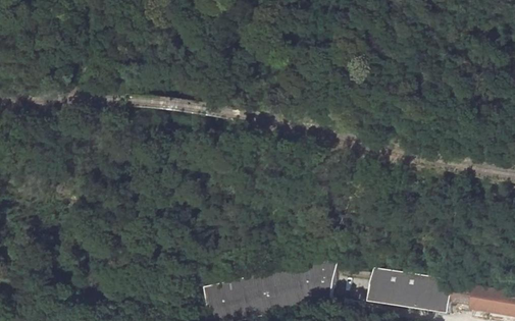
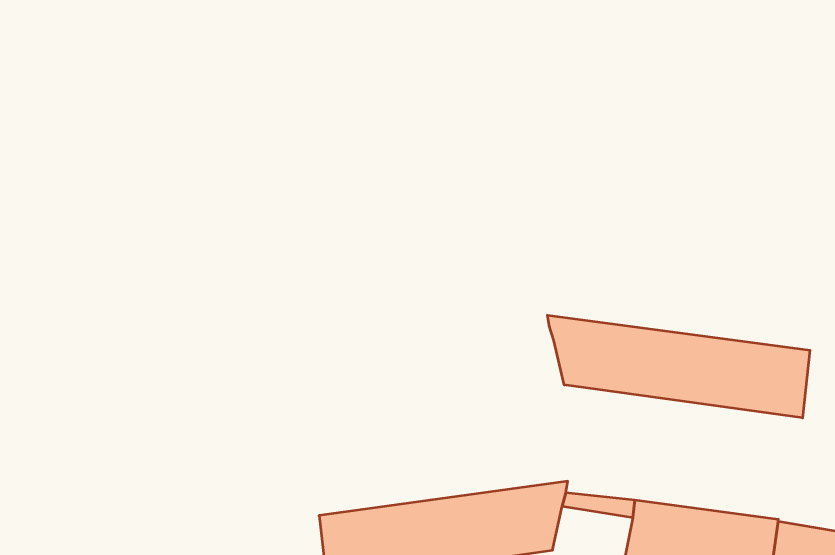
building: none -> [547,315,810,418]

